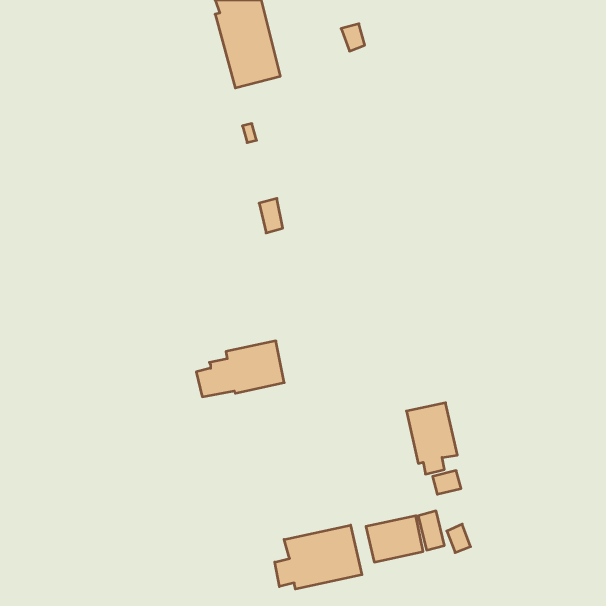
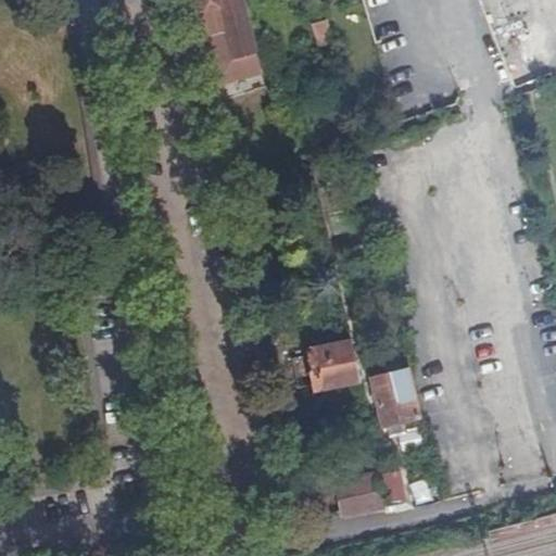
building: [196,341,284,397] -> [281,338,362,389]
building: [275,525,362,589] -> none

